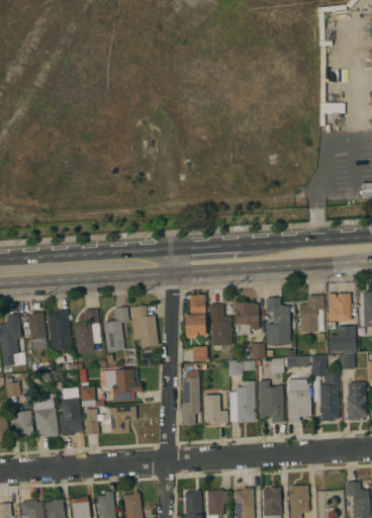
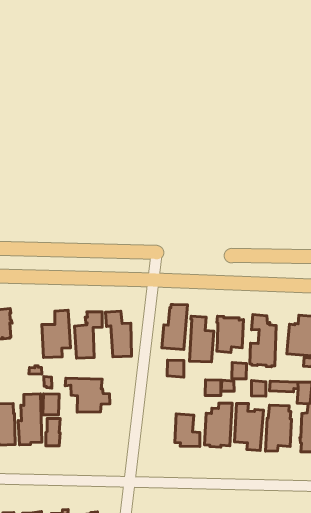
building: [46,310,72,351] -> none
building: [181,371,199,425] -> none
building: [102,407,138,434] -> none

